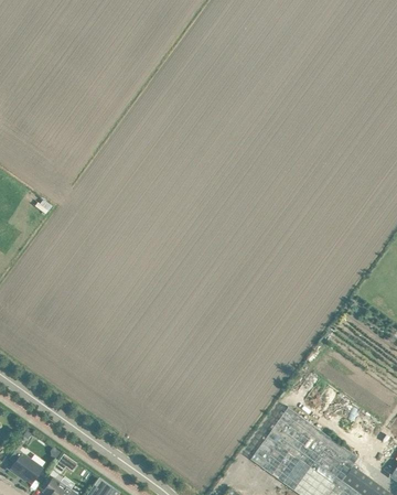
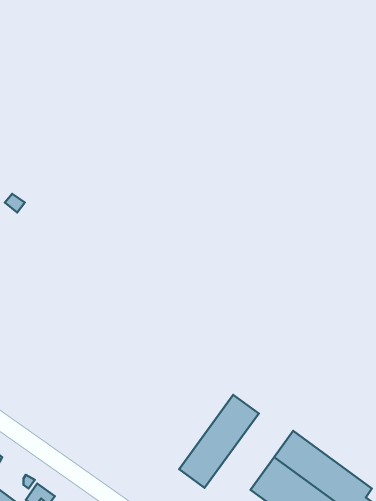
building: none -> [179,395,259,488]

